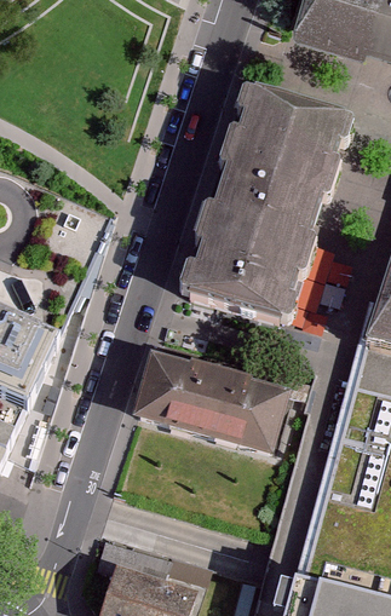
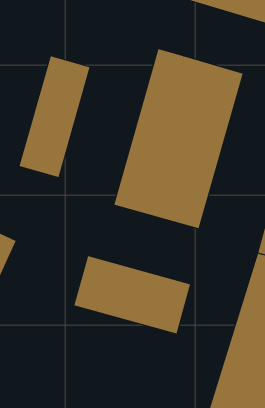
building: none -> [19,56,90,178]

